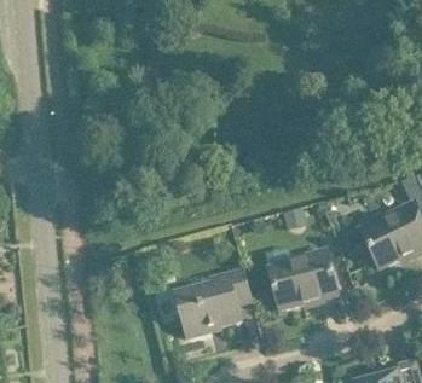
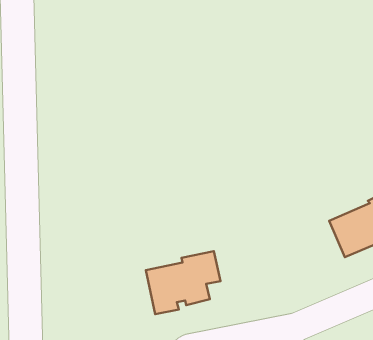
building: [268,248,339,308] -> none

